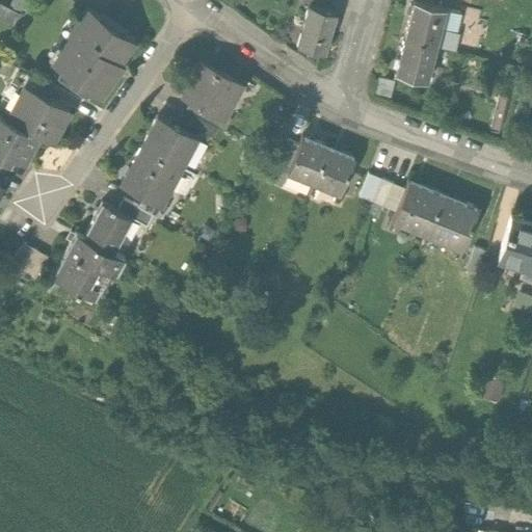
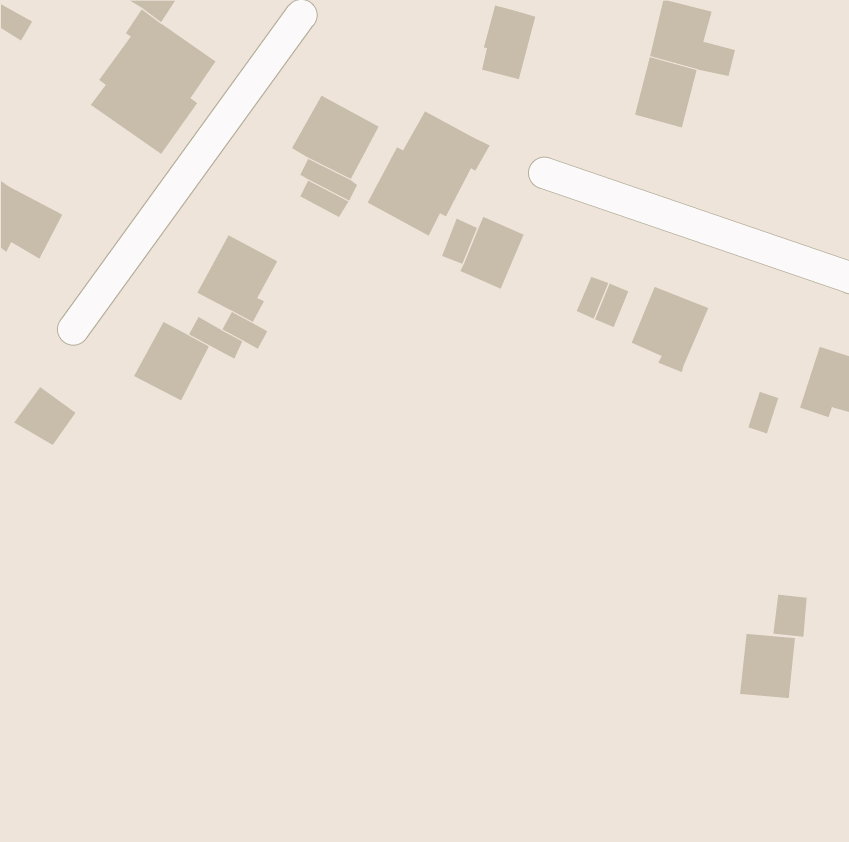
building: none -> [367,110,490,237]
building: [7,88,71,145] -> none
building: [143,119,195,170] -> none
building: [314,152,354,196] -> none
building: [428,197,478,252] -> none
building: [53,235,126,297] -> none
building: none -> [740,633,796,699]

